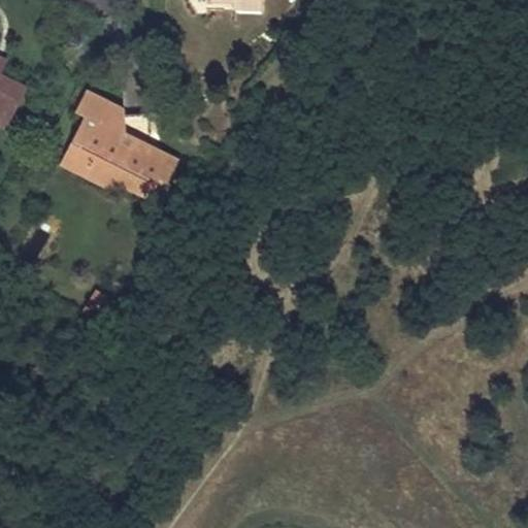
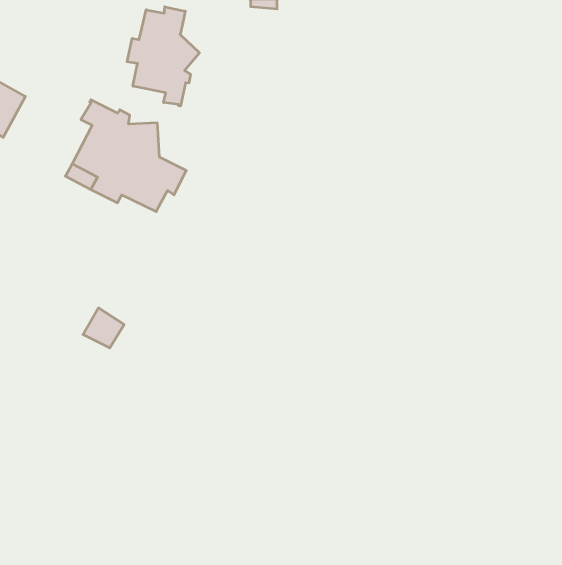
building: none -> [127,7,199,106]

